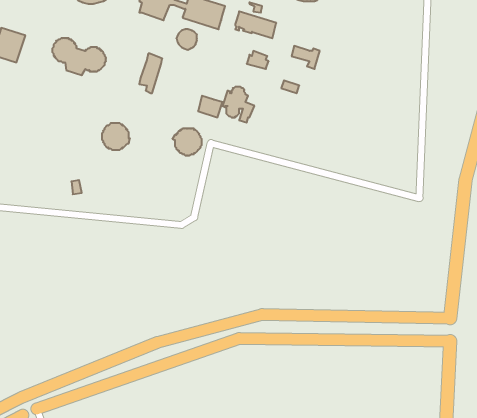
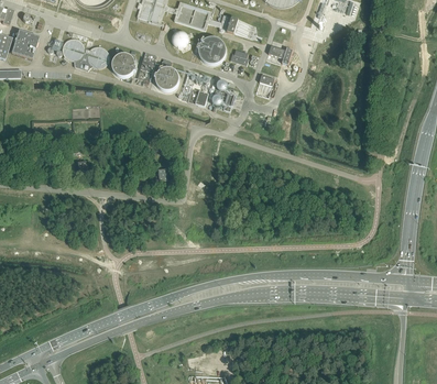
building: none -> [198,37,225,65]
building: [102,123,130,150] -> [111,54,135,77]
building: [172,129,202,155] -> [153,68,178,91]

